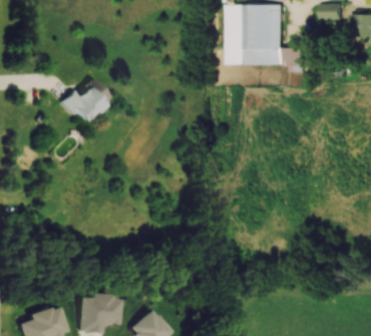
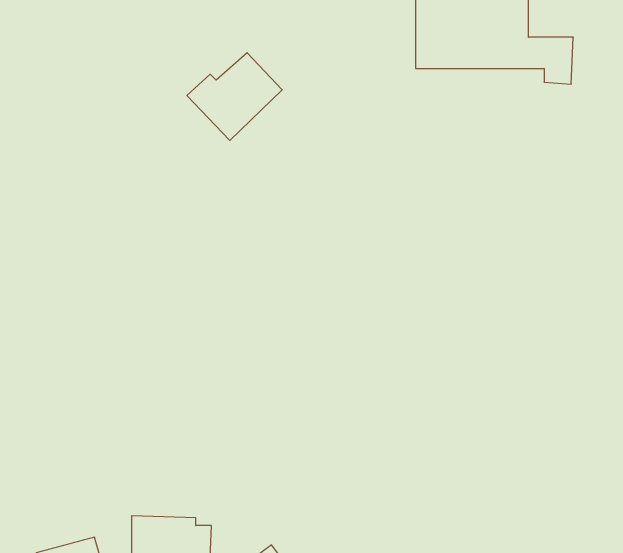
building: [61,79,110,124] -> [187,53,282,140]

